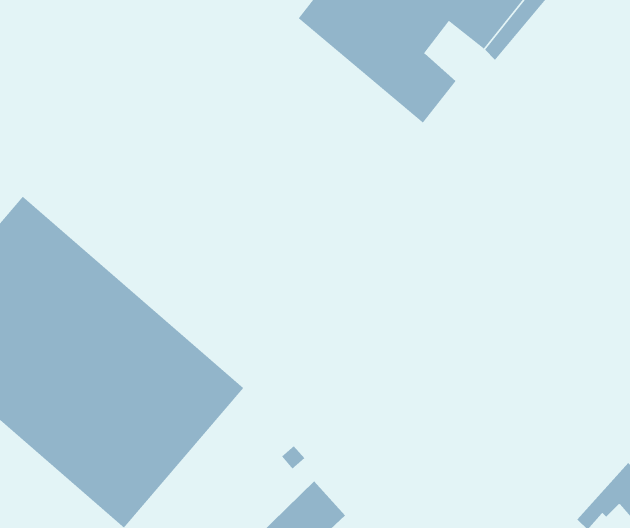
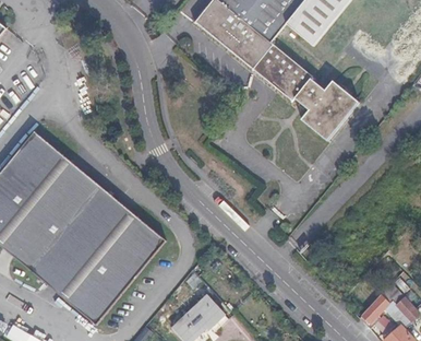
building: none -> [269,58,357,142]

